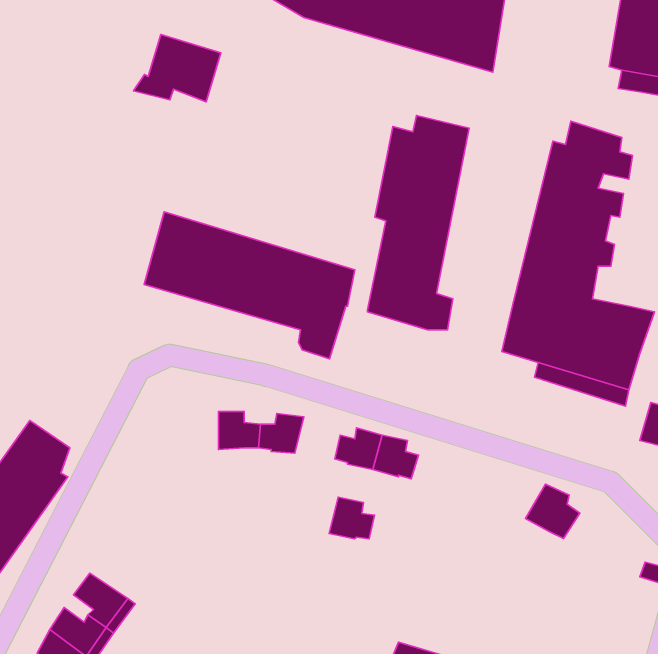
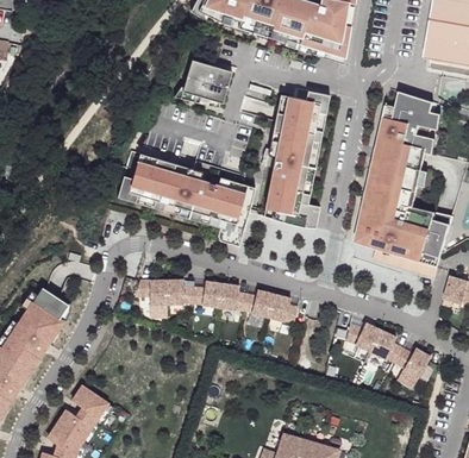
building: [134,35,221,102] -> [175,59,232,103]
building: none -> [135,281,167,306]
building: none -> [344,321,381,351]
building: [329,497,375,539] -> [217,284,246,312]
building: none -> [393,347,432,389]

